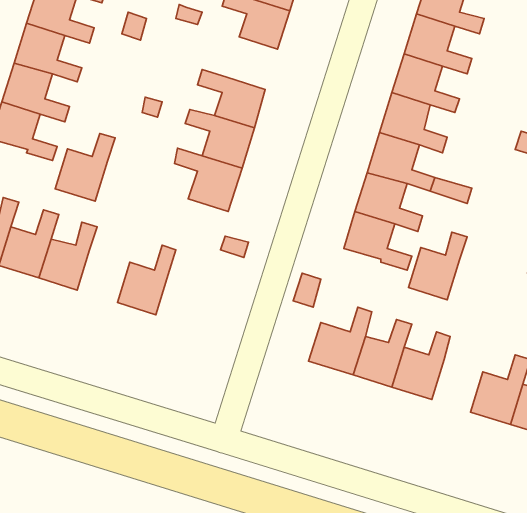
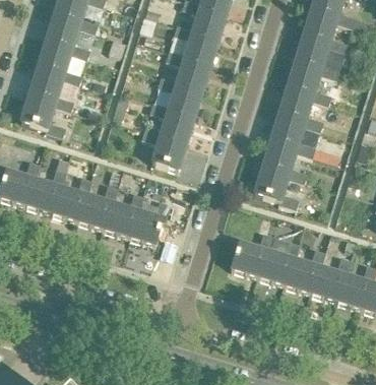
building: none -> [166,50,210,88]
building: [55,133,115,201] -> [78,184,118,229]
building: [409,232,467,300] -> [312,256,351,301]
building: none -> [130,199,170,244]

